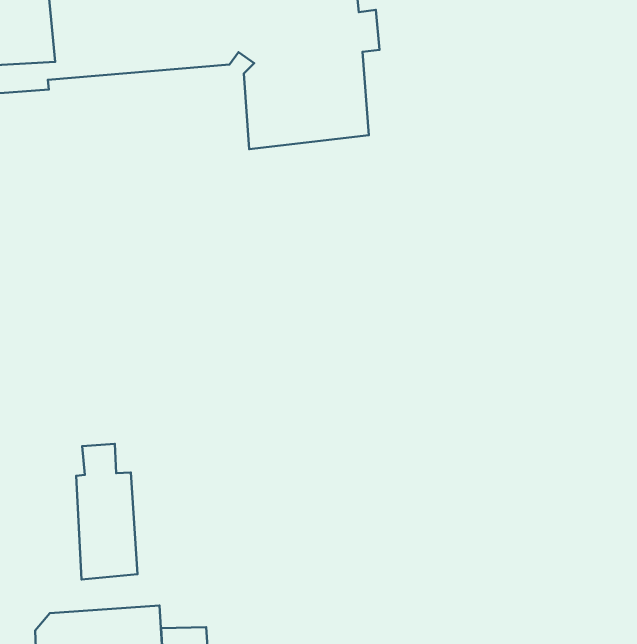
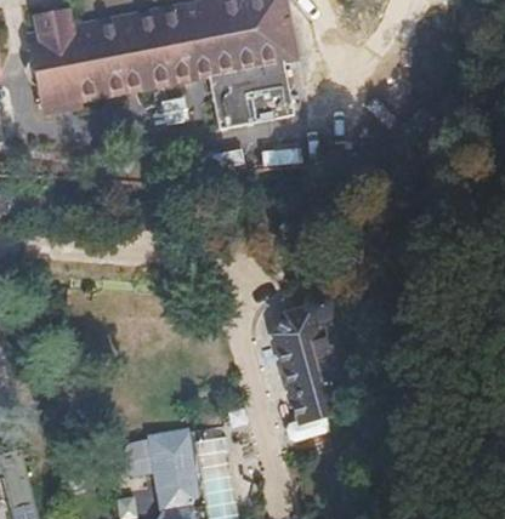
building: none -> [271,293,350,424]
building: [76,444,137,580] -> none

